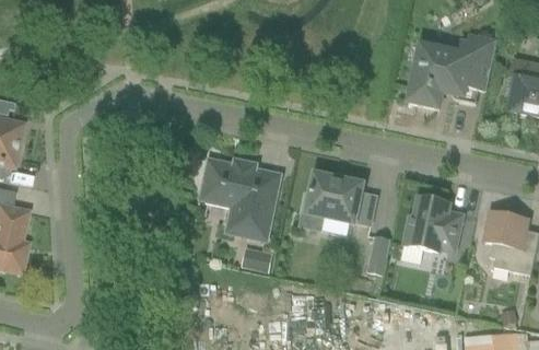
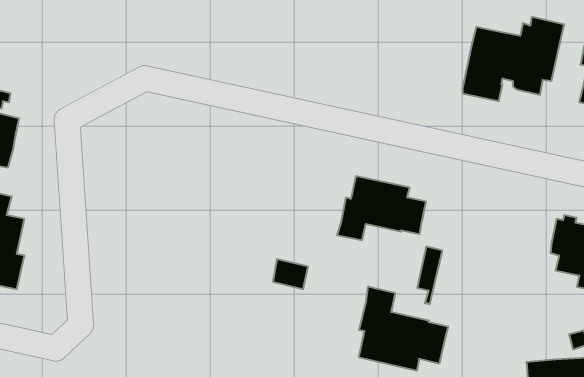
building: [202,160,279,238] -> none
building: [402,195,462,252] -> none
building: none -> [359,286,448,371]

